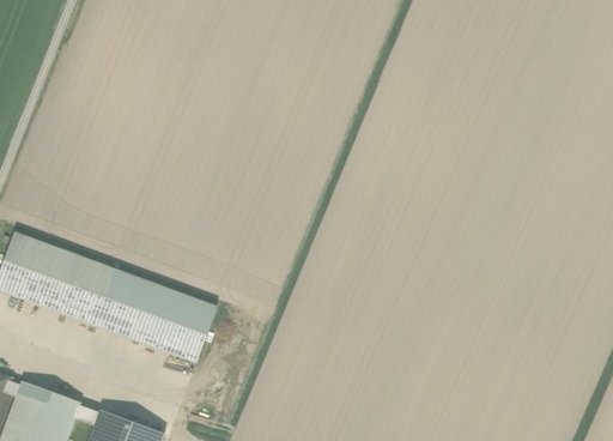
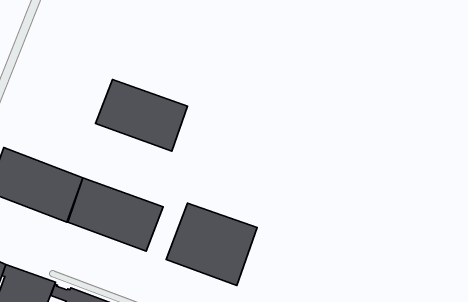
building: none -> [95,79,188,151]
building: none -> [166,203,257,285]

